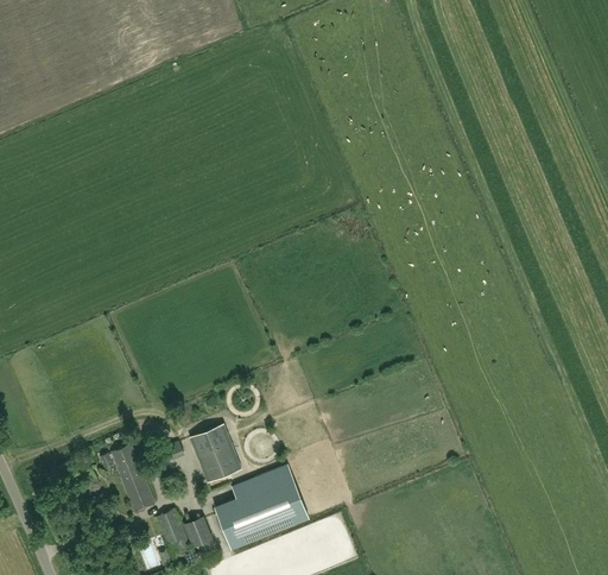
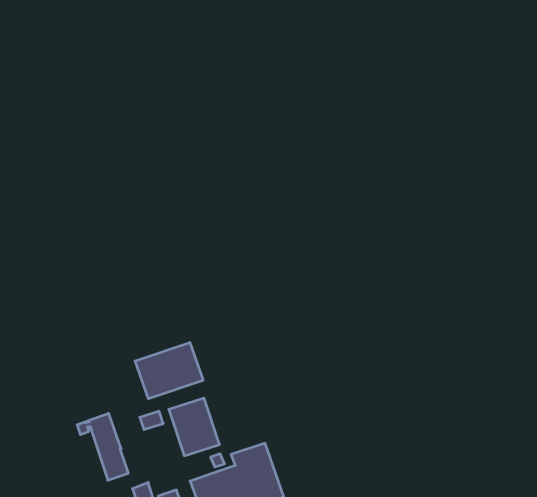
building: none -> [135,342,203,399]

